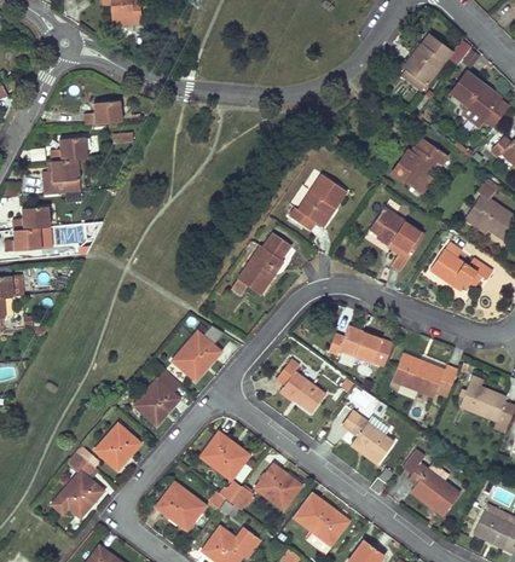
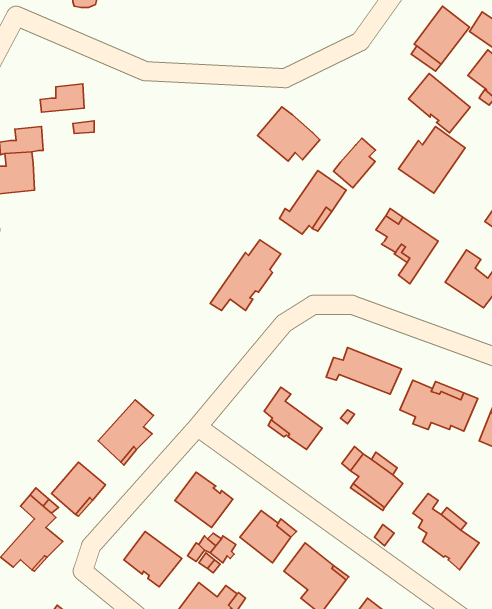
building: none -> [409,73,470,133]
building: none -> [258,107,320,161]
building: none -> [333,138,376,188]
building: [172,331,220,380] -> none

